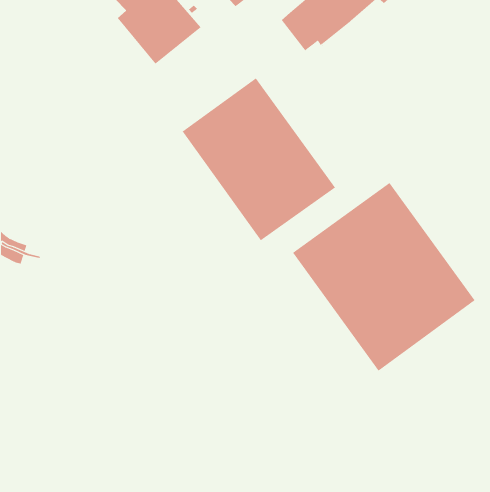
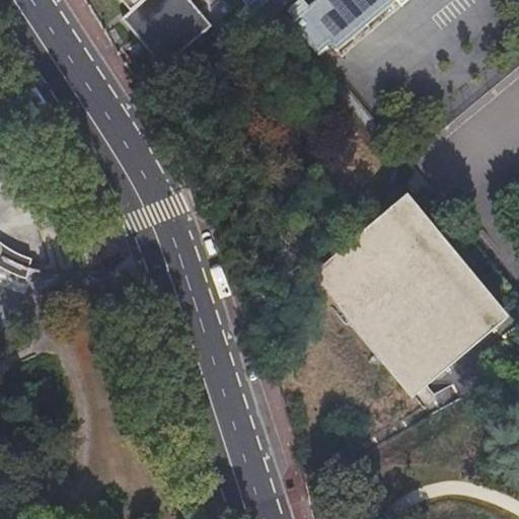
building: [182,77,336,241] -> none

